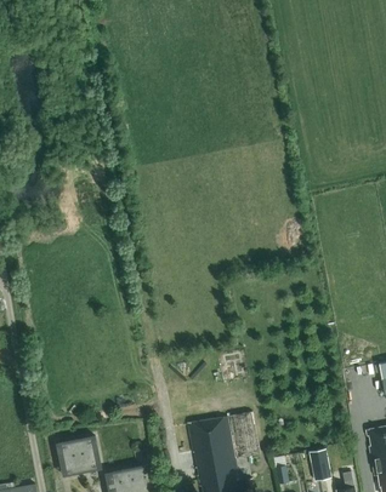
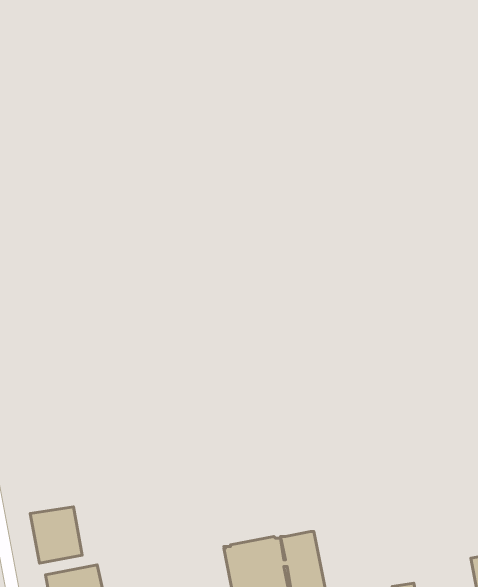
building: none -> [30,507,82,563]

